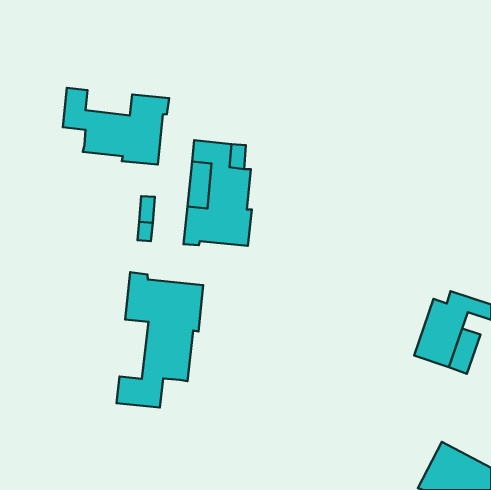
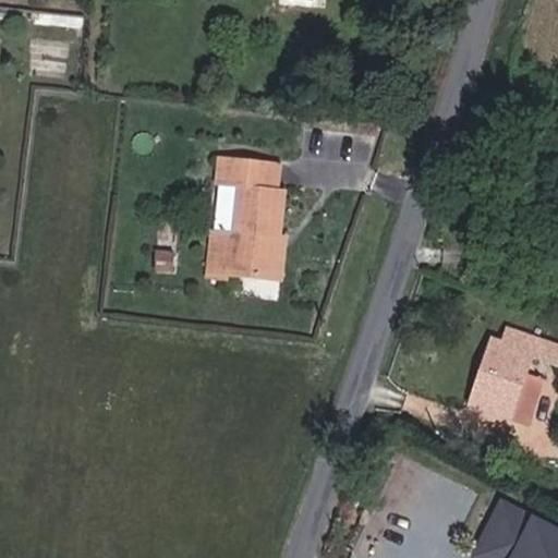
building: [63,88,169,165] -> none
building: [117,272,203,408] -> none

